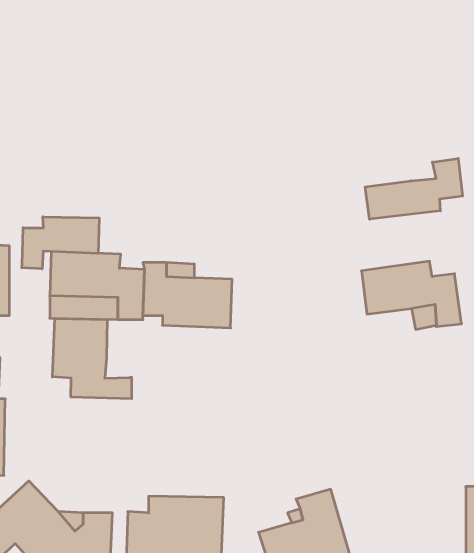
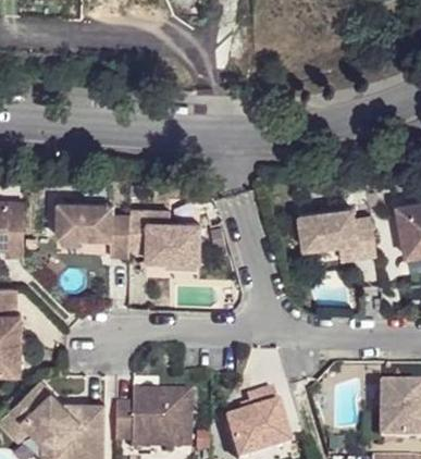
building: [365,158,463,219] -> none
building: [22,217,99,269] -> none
building: [52,318,132,399] -> none

